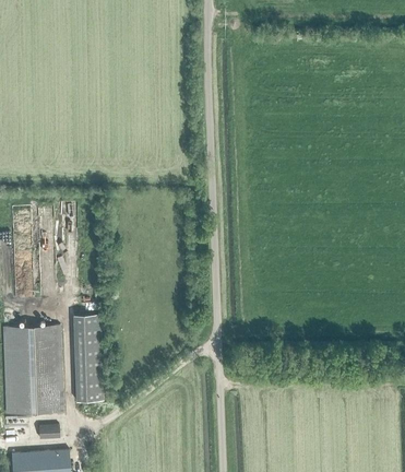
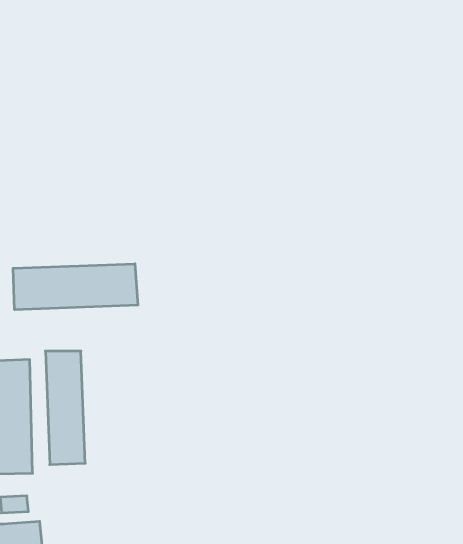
building: none -> [13,264,138,310]

